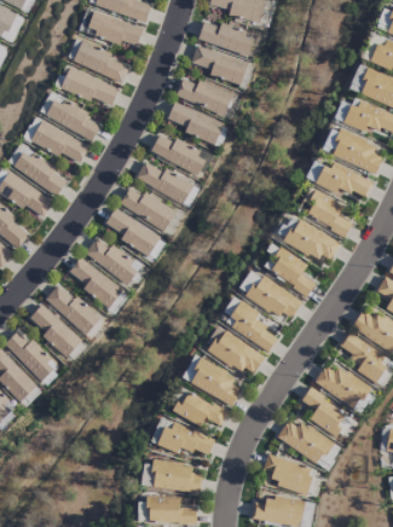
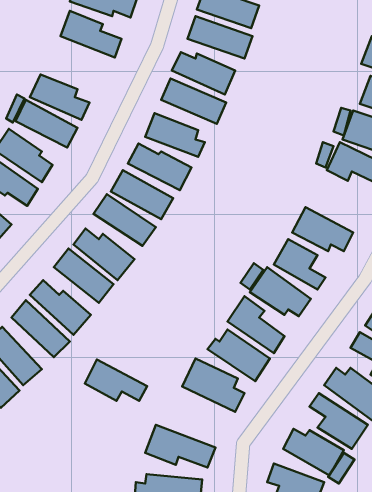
building: [60,66,120,108] -> none
building: [297,186,352,236] -> none
building: [172,388,229,425] -> [85,360,147,401]

